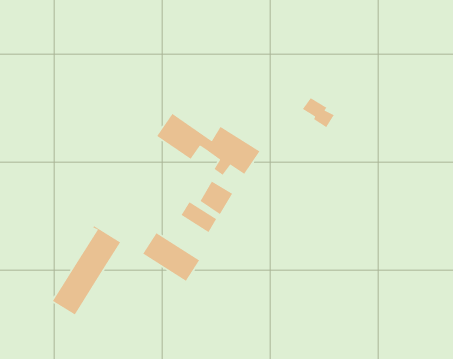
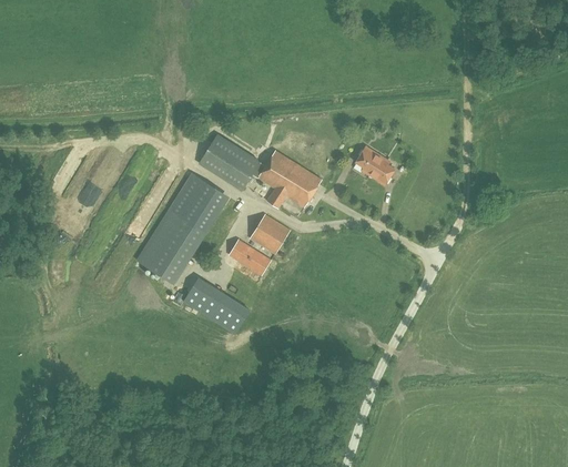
building: [302,97,335,128] -> [355,148,394,184]
building: [52,225,121,315] -> [136,172,219,278]

